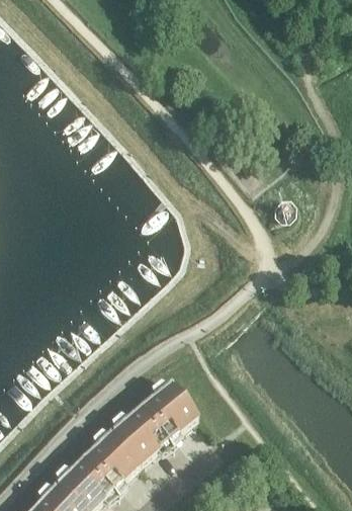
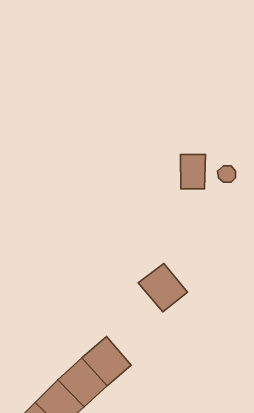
building: none -> [181,155,205,189]
building: [140,384,198,441] -> [138,263,187,312]

